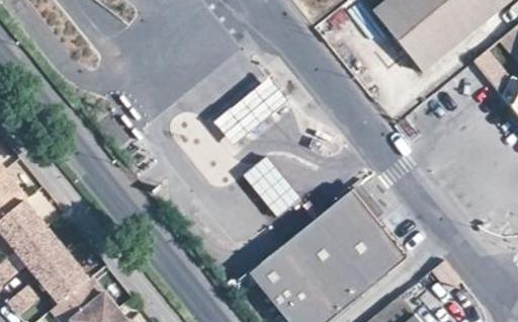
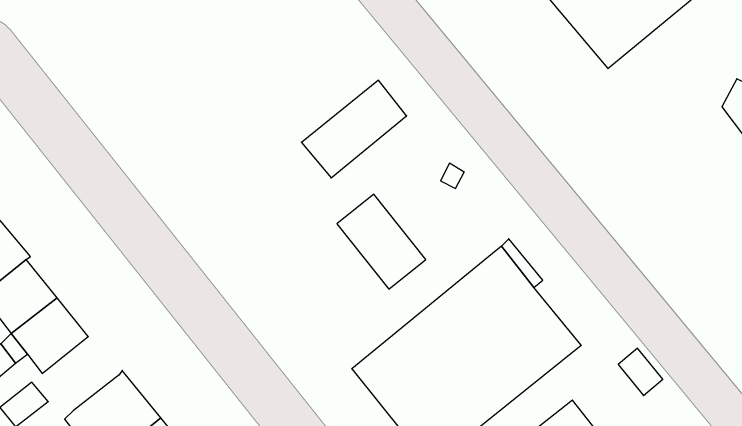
building: [37,252,90,303] -> none

